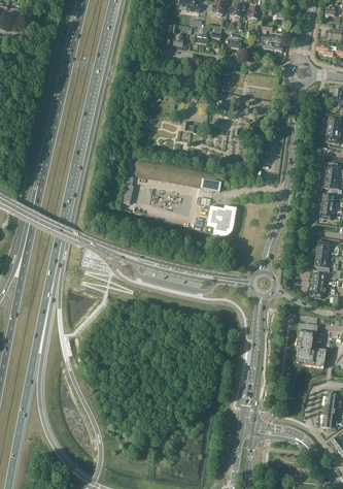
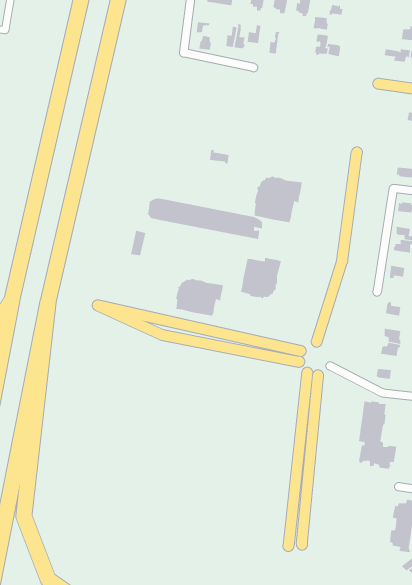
building: none -> [254,176,302,223]
building: none -> [175,278,223,316]

